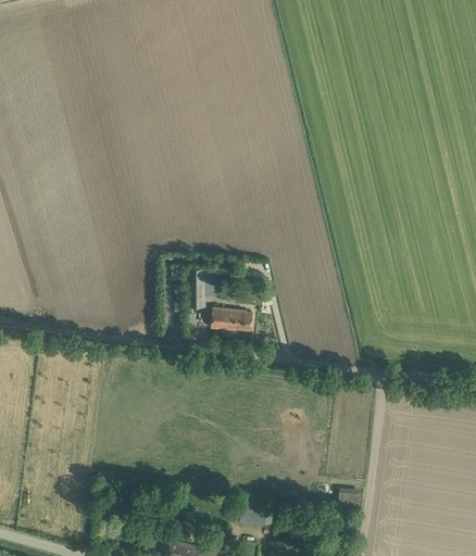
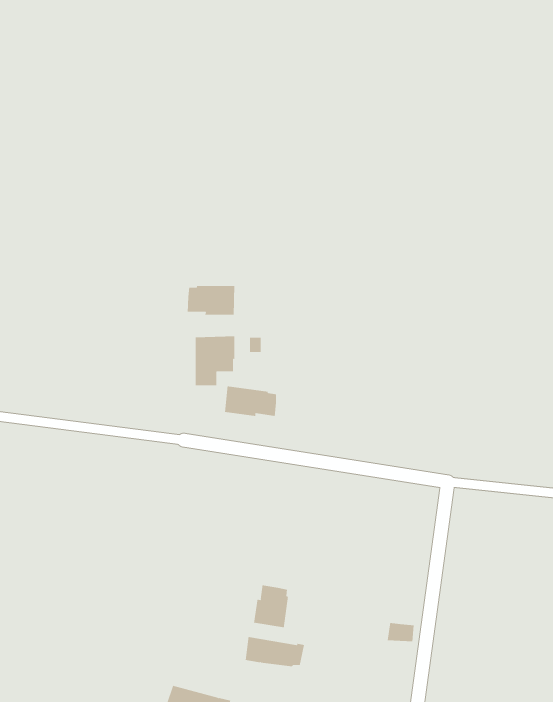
building: none -> [187,285,235,315]
building: none -> [254,584,289,628]

